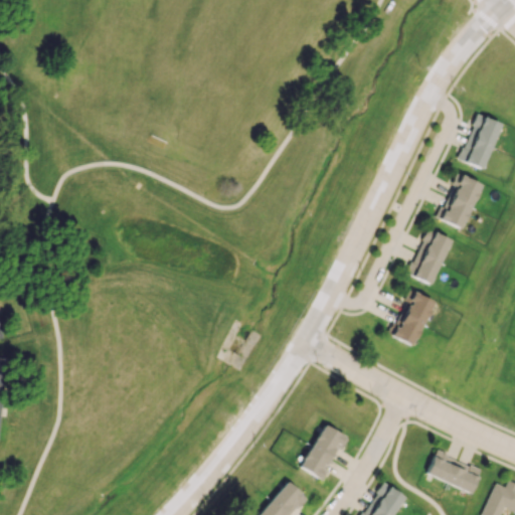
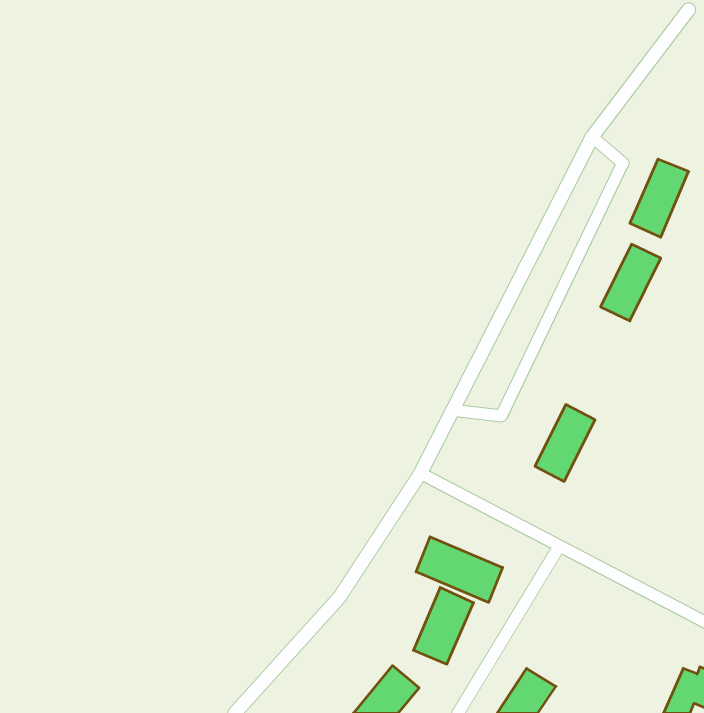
building: [410,232,453,288] -> none
building: none -> [416,537,503,602]
building: [430,451,484,492] -> none

